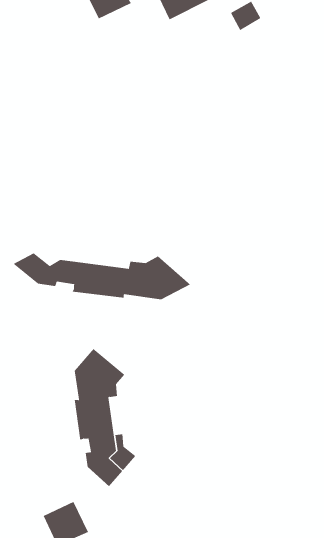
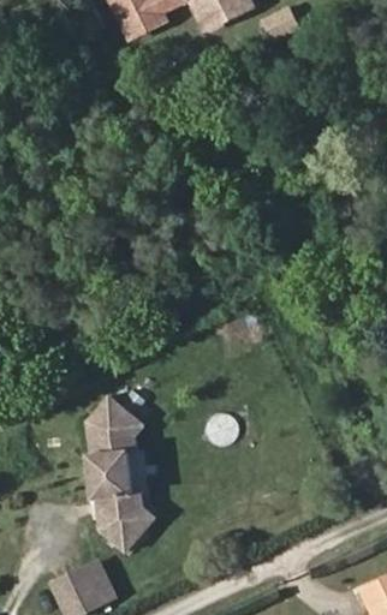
building: [12,253,191,300] -> none

